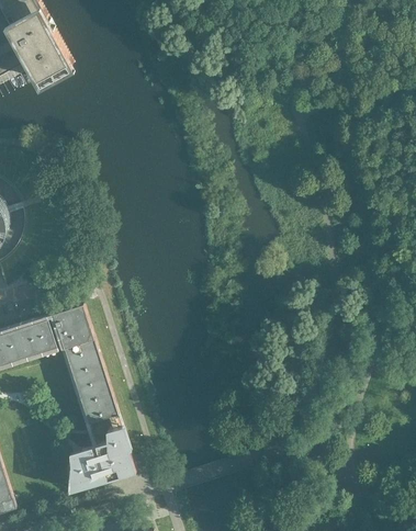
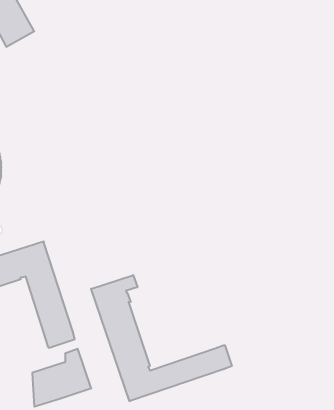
building: none -> [91,275,232,401]

